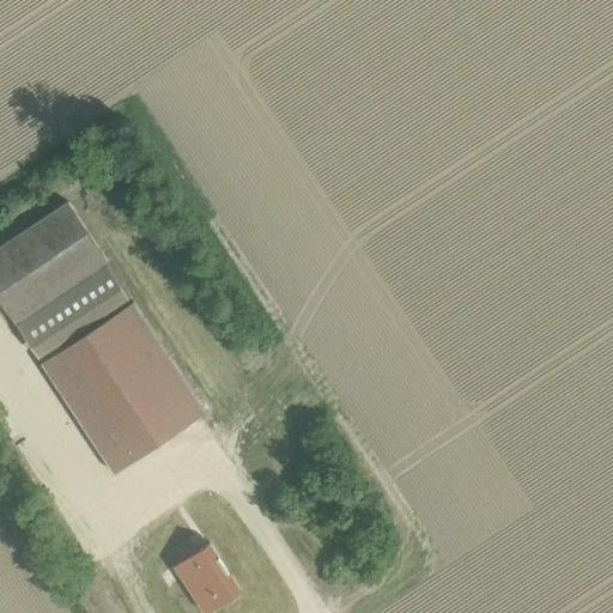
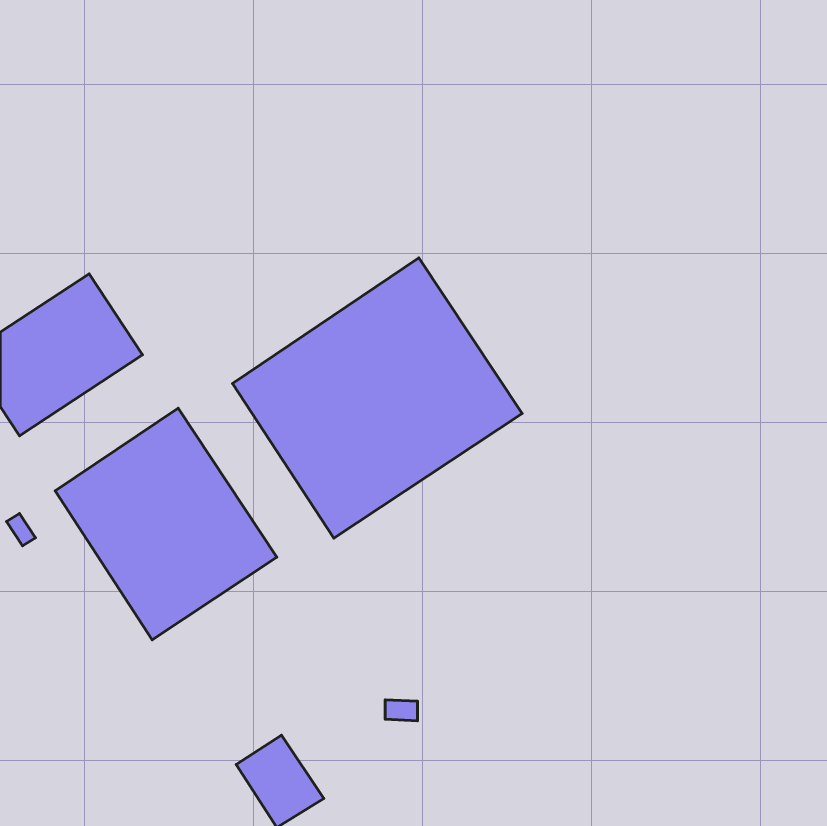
building: none -> [233,258,522,538]
building: [14,263,128,358] -> none

